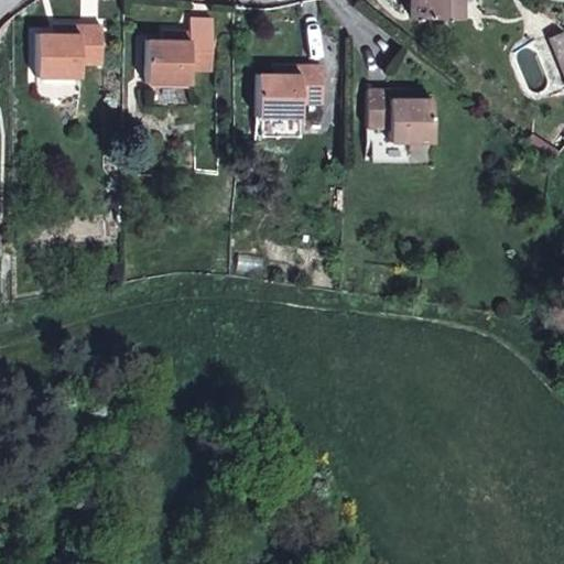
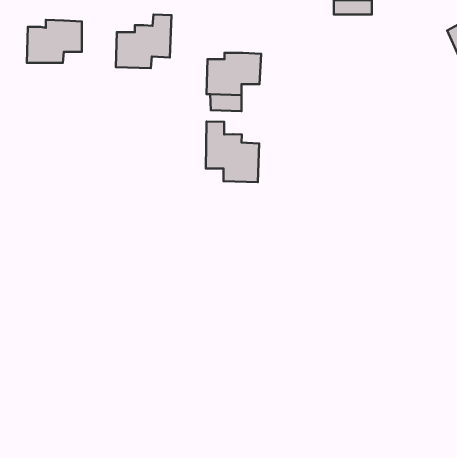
building: [366,89,432,141] -> none
building: none -> [206,122,259,182]

